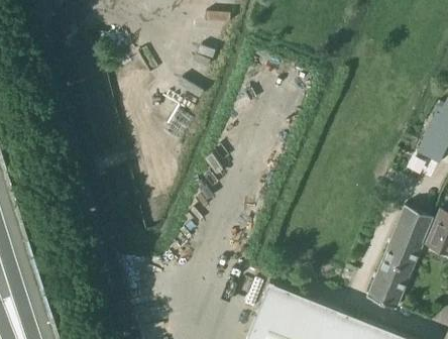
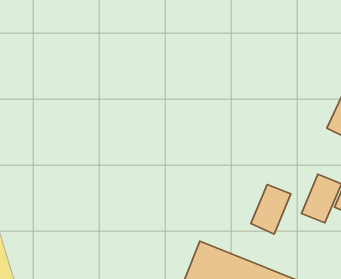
building: [367,251,414,309] -> [251,184,291,234]

